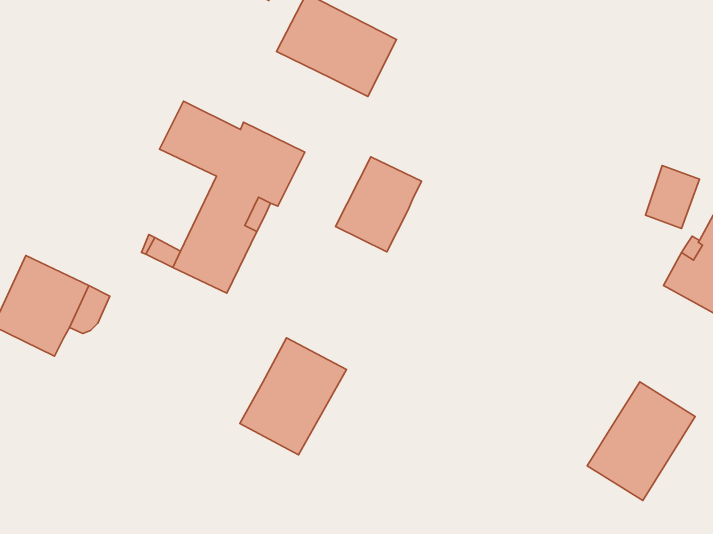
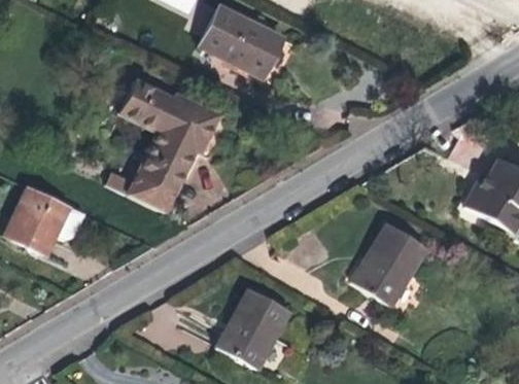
building: [336,157,421,252] -> none
building: [240,338,346,455] -> [216,289,289,370]
building: [587,382,695,500] -> [351,224,425,306]

